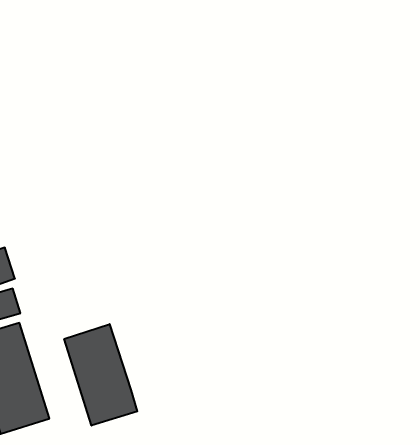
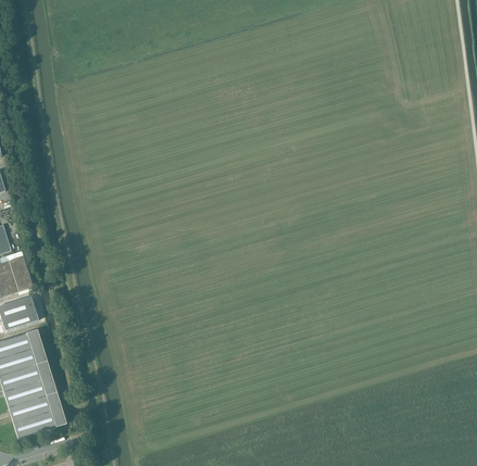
building: [64,324,137,426] -> none

